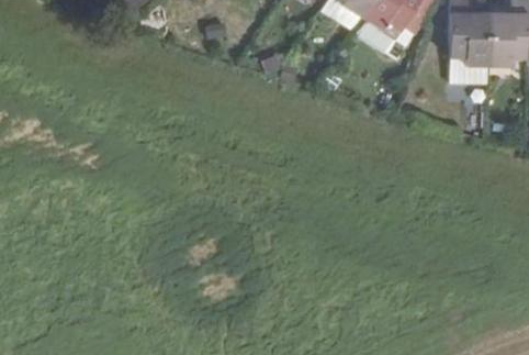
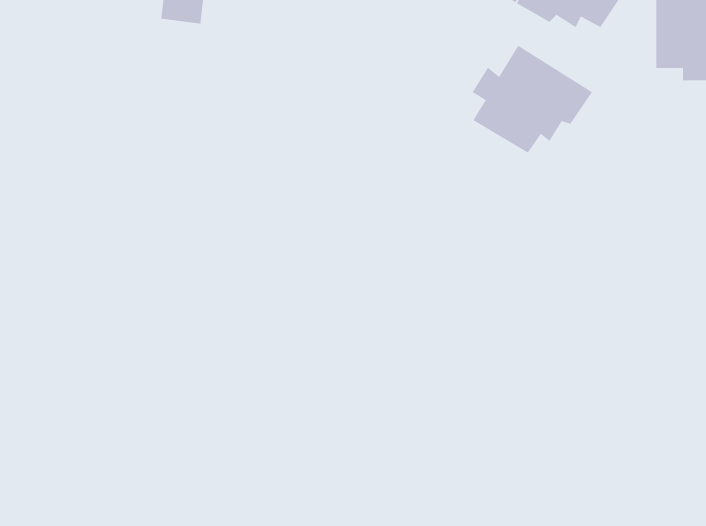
building: none -> [472,45,593,153]

